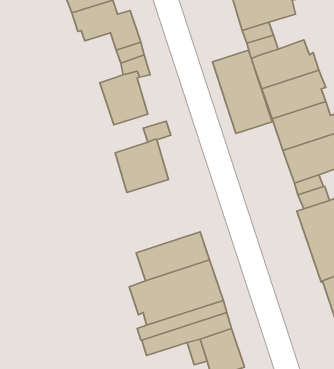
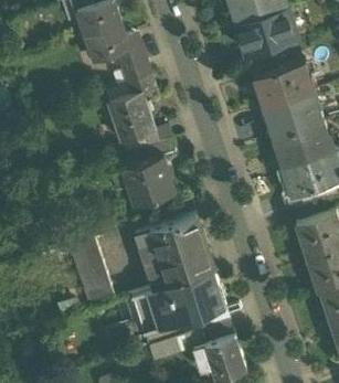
building: [212,50,272,134] -> none
building: none -> [135,217,203,265]
building: none -> [70,242,115,312]

